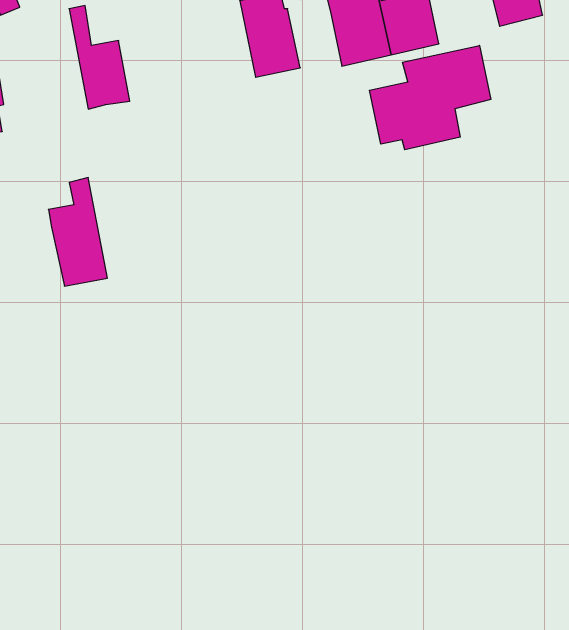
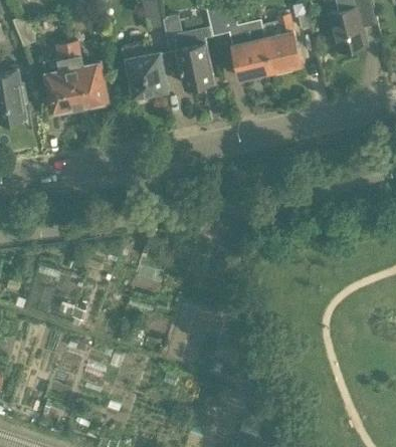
building: none -> [122,43,168,96]
building: [369,45,491,150] -> none
building: [48,178,107,286] -> [43,43,80,111]

